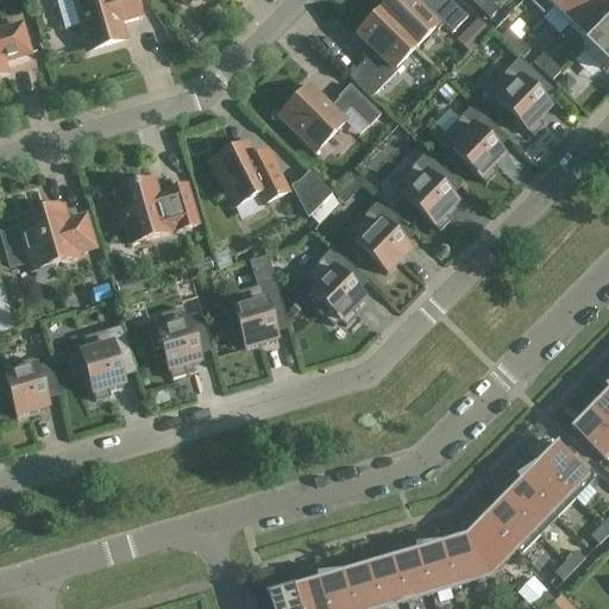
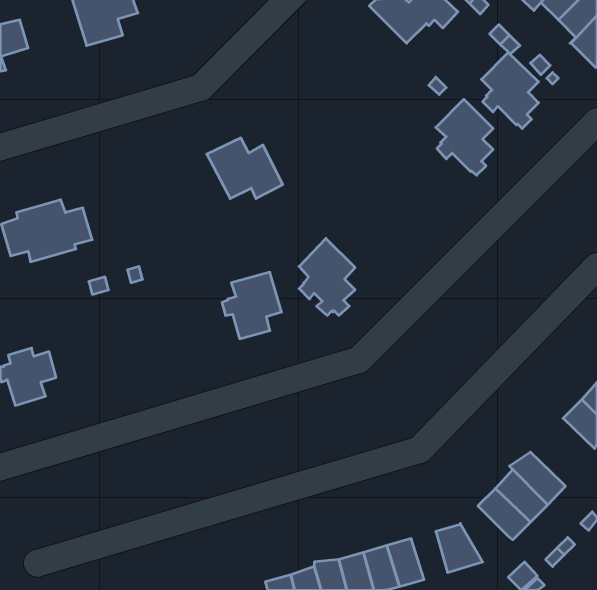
building: [347,6,414,94] -> none
building: [277,81,379,147] -> none
building: [397,149,456,226] -> none
building: [291,171,328,212] -> none
building: [114,177,196,240] -> none
building: [351,195,409,270] -> none
building: [149,303,211,375] -> none
building: [73,321,134,396] -> none
building: [540,441,595,495] -> none
building: [469,515,522,572] -> none
building: [417,541,456,590] -> none

